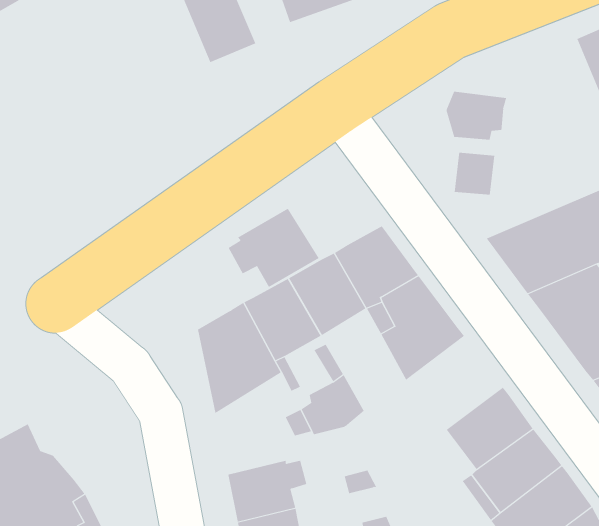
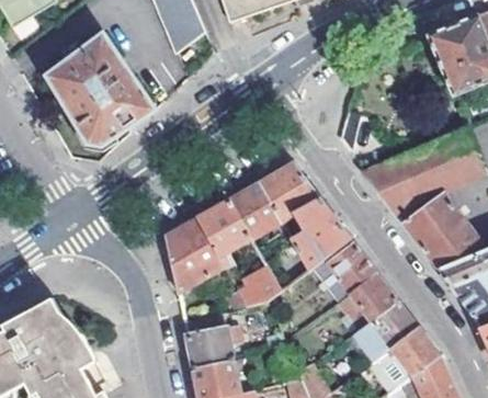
building: none -> [46,35,154,146]
building: [446,91,507,141] -> none
building: [228,208,319,288] -> none
building: none -> [327,245,376,303]

